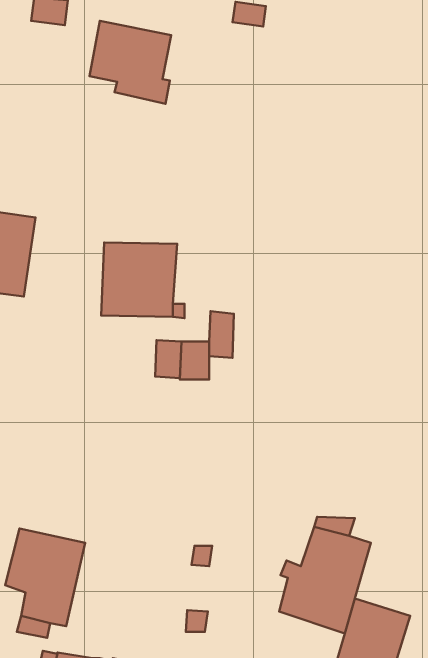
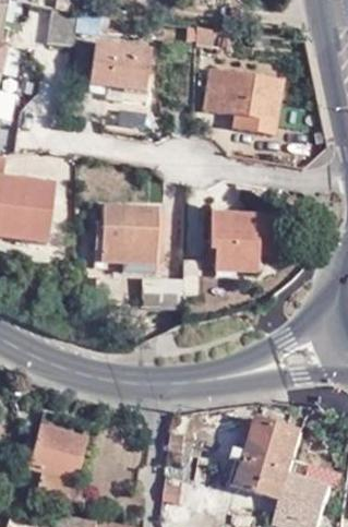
building: none -> [205,69,281,136]
building: none -> [208,213,276,272]

